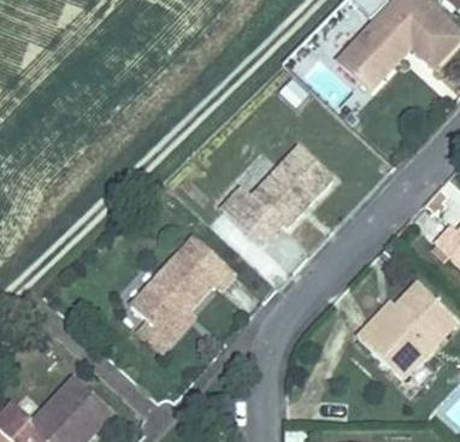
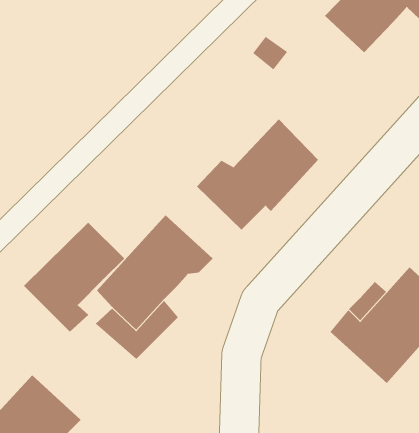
building: none -> [23,222,125,333]

